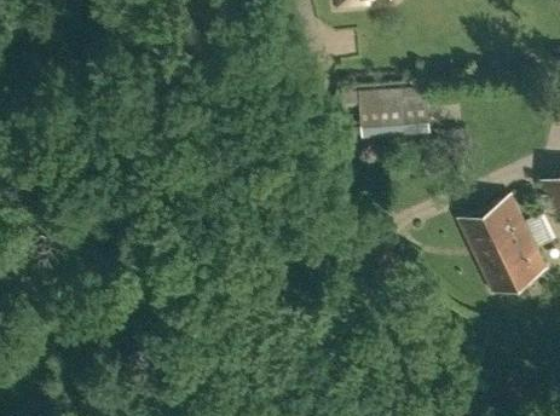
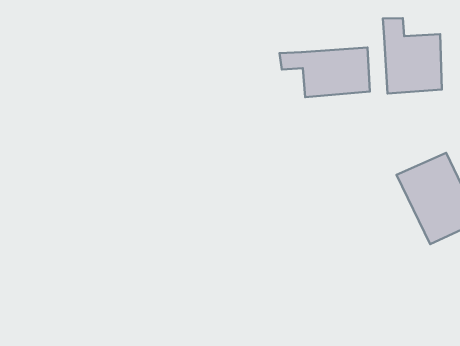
building: none -> [383,18,442,93]

